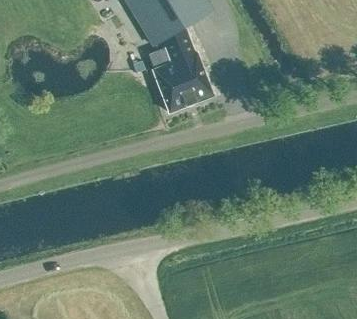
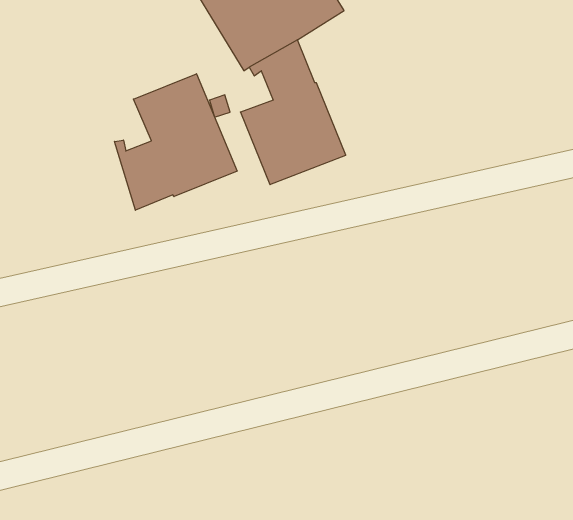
building: none -> [115,74,237,210]

